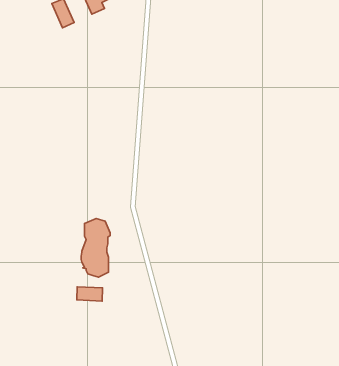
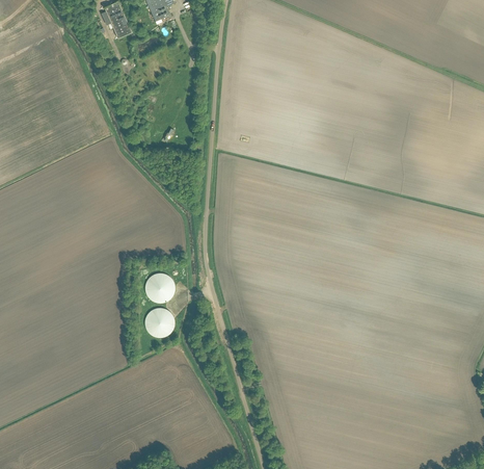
building: [77,287,102,301] -> none

